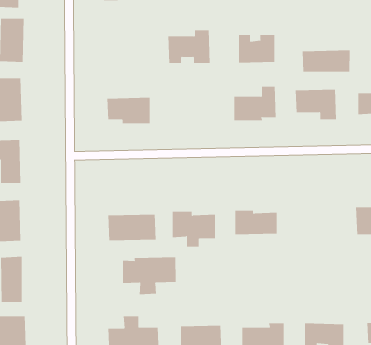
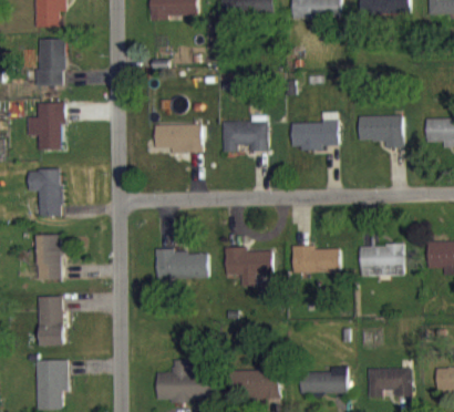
building: [168,30,211,64] -> [221,115,268,152]
building: [239,34,275,64] -> none
building: [302,50,350,73] -> none
building: none -> [360,246,403,277]
building: [122,256,176,295] -> none

